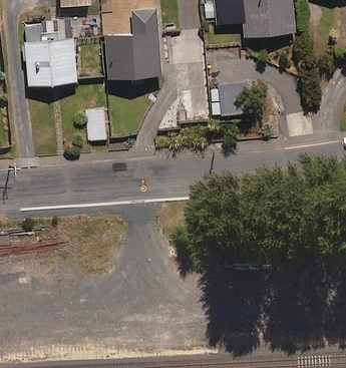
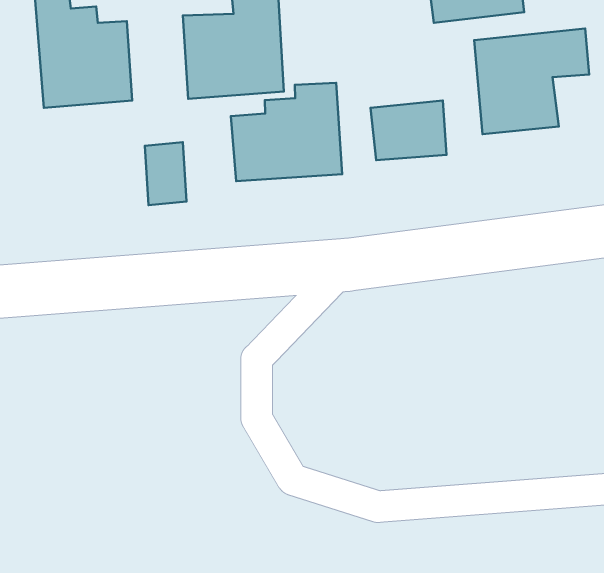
building: none -> [474,28,589,134]
building: none -> [231,83,342,181]

